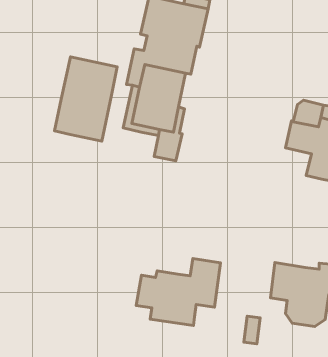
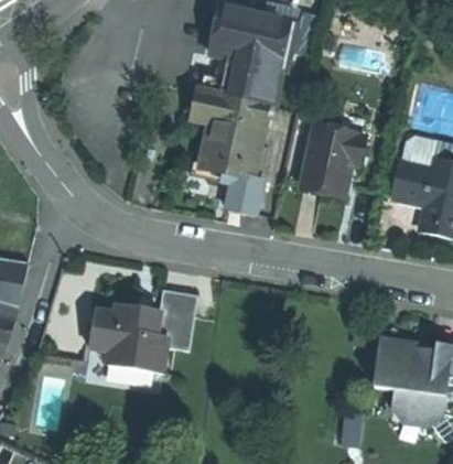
building: [54,57,117,141] -> none
building: none -> [299,125,363,195]
building: [136,259,221,325] -> [89,288,196,373]

